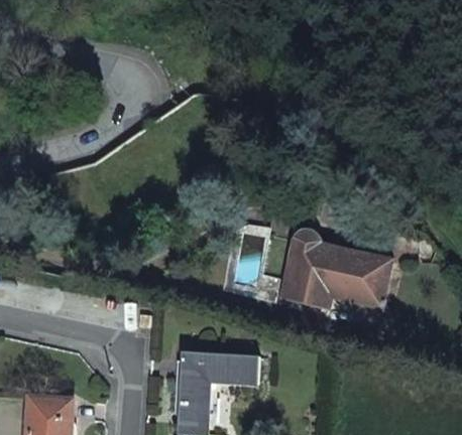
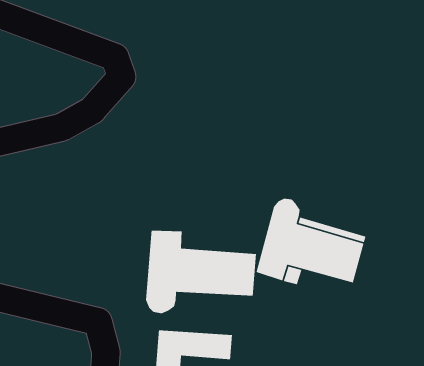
building: none -> [145,230,257,314]

